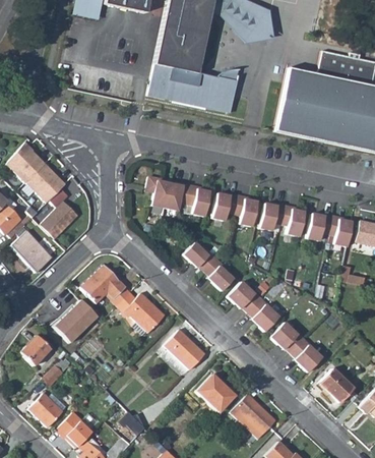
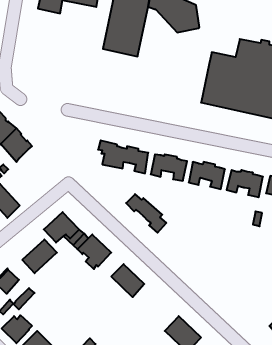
building: [148,64,240,113] -> none
building: [41,188,79,239] -> none
building: [229,283,279,332] -> none
building: [270,323,322,373] -> none
building: [320,368,354,402] -> none
building: [196,375,235,412] -> none

